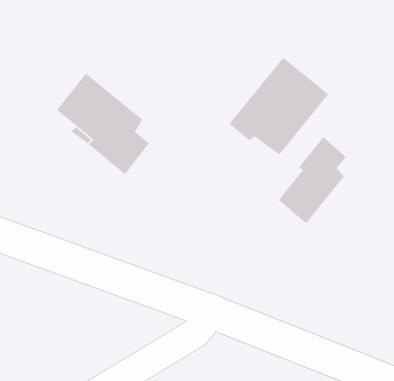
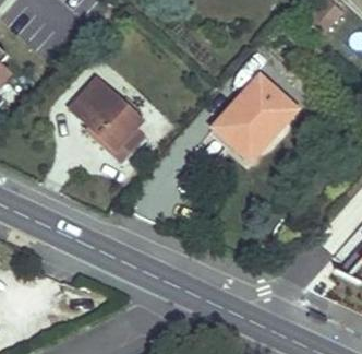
building: [278,136,347,224] -> none

